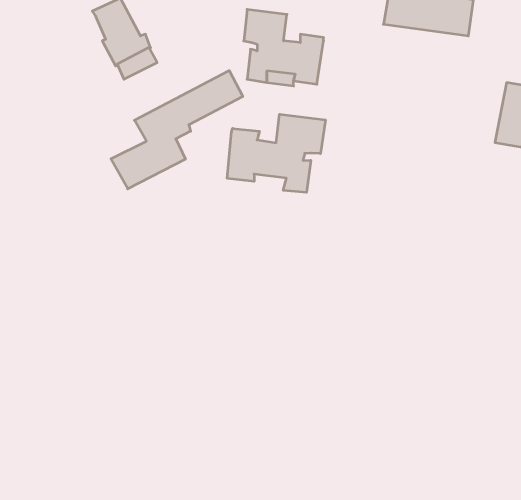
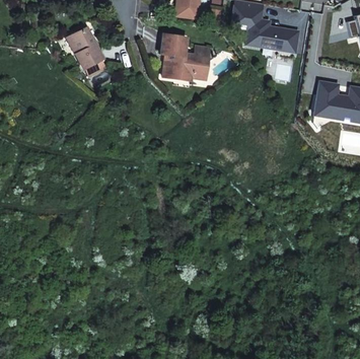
building: [111,71,243,189] -> none
building: [227,114,325,192] -> none

